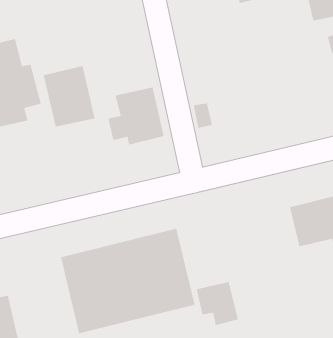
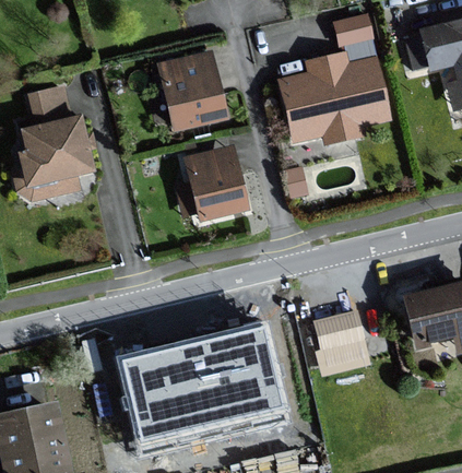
building: none -> [283,54,389,141]
building: [43,65,96,127] -> [163,51,228,129]
building: [196,281,239,326] -> [313,309,367,365]

